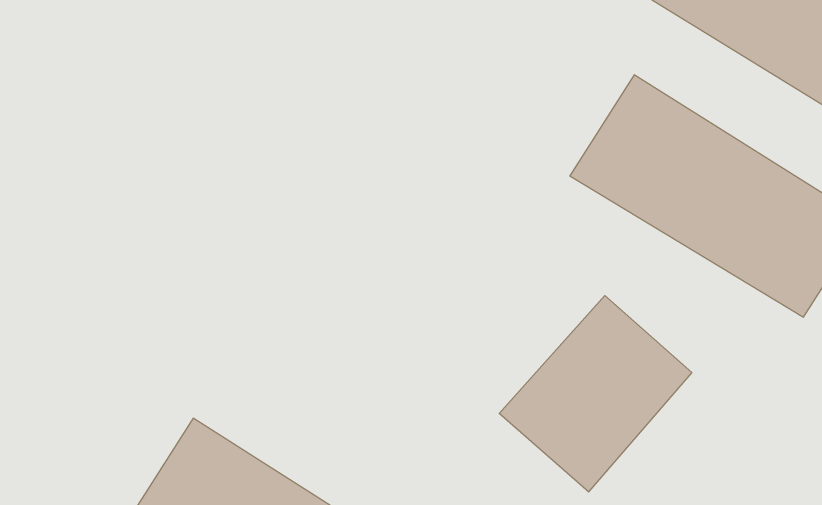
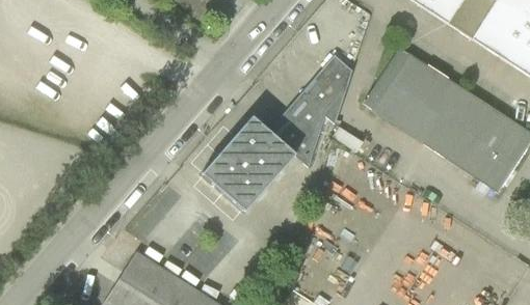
building: none -> [203,56,352,212]
building: [499,296,692,492] -> none

